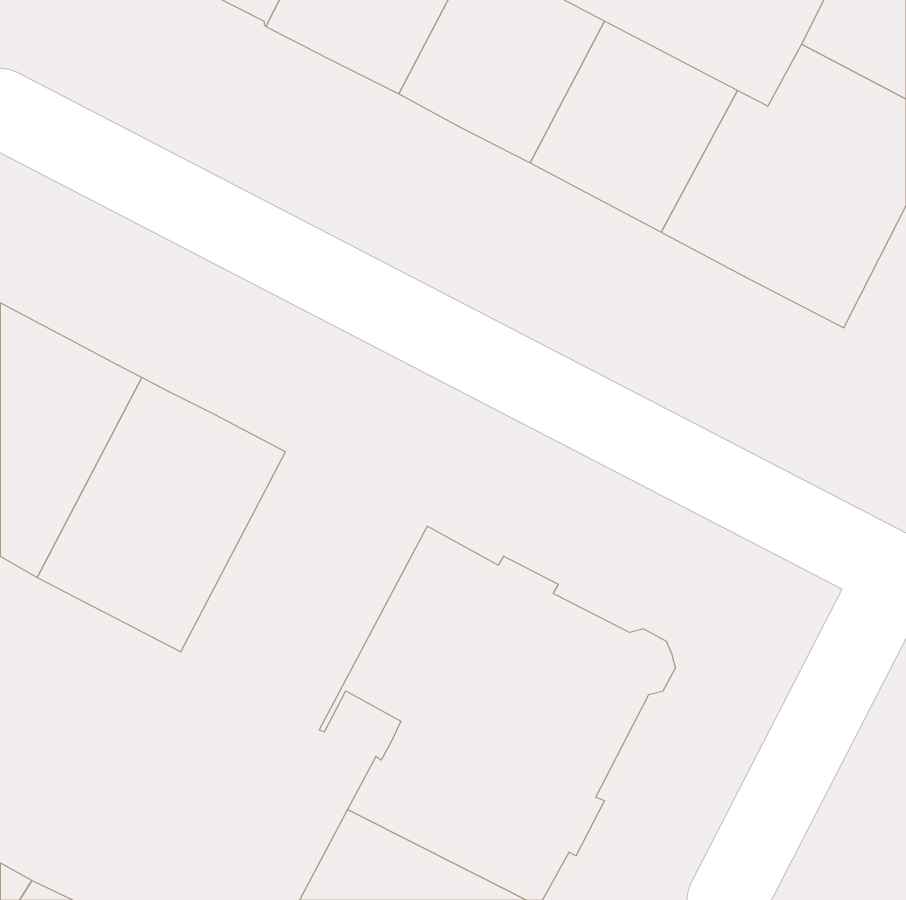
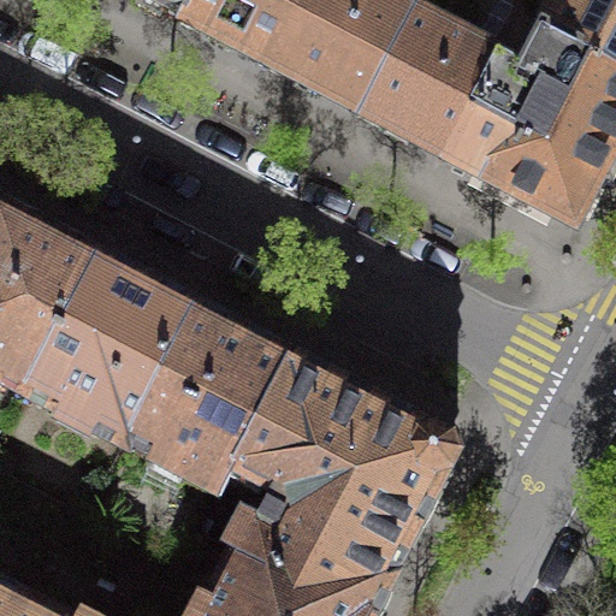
building: none -> [123,307,290,496]

